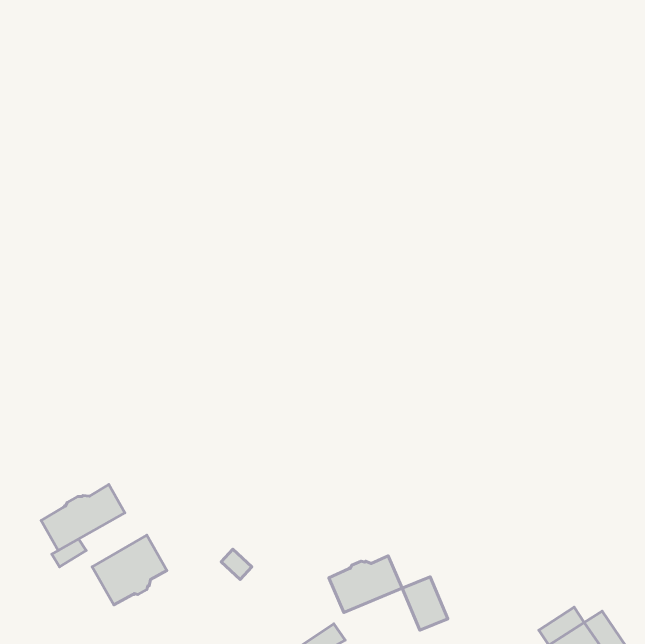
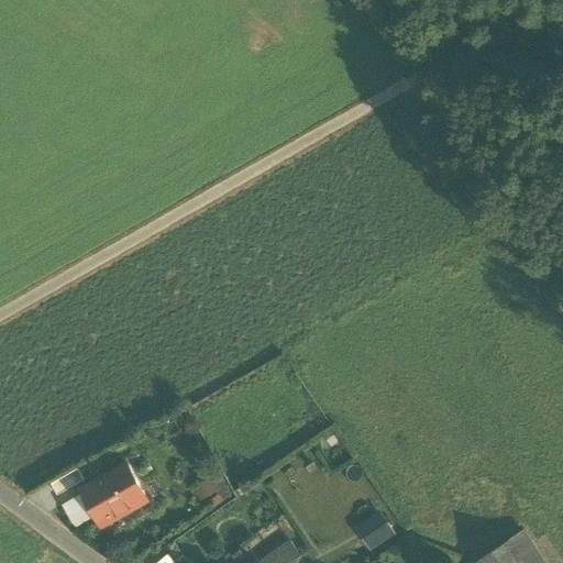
building: [41,485,125,550] -> none
building: [329,556,402,613] -> none

